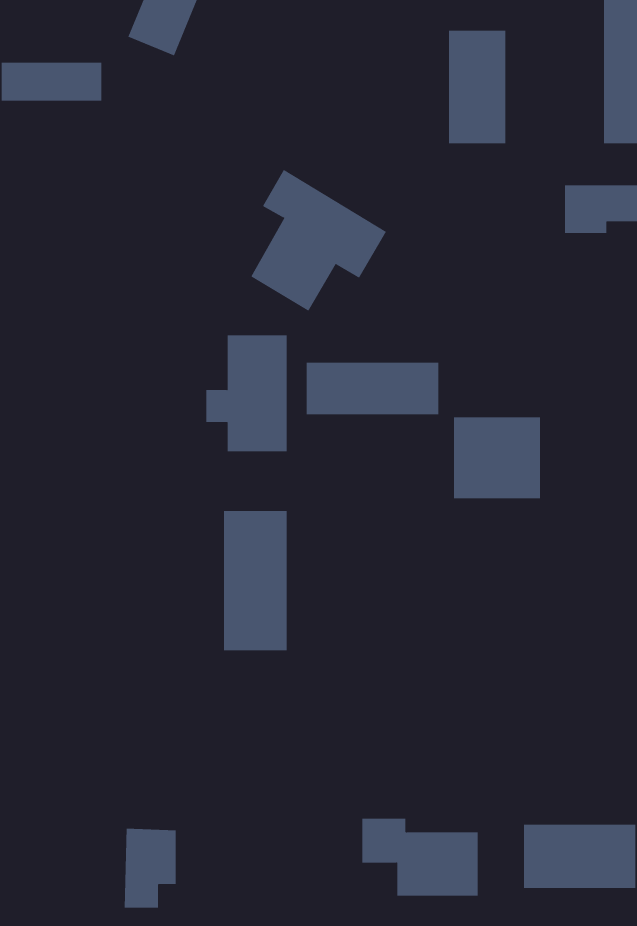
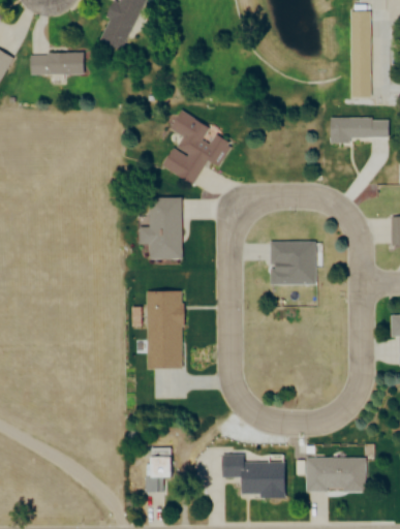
building: [449,30,506,144] -> none
building: [306,362,439,415] -> none
building: [124,828,176,908] -> [147,447,175,490]

